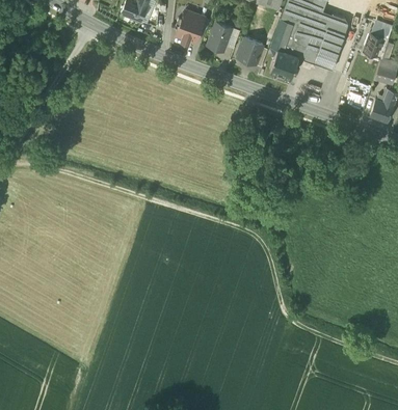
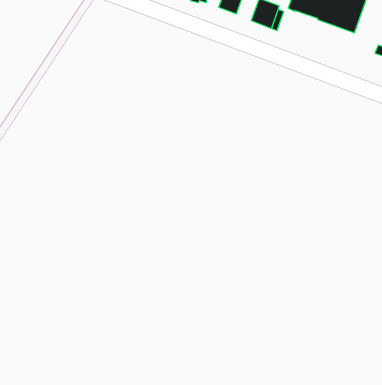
building: [269,50,298,79] -> none

